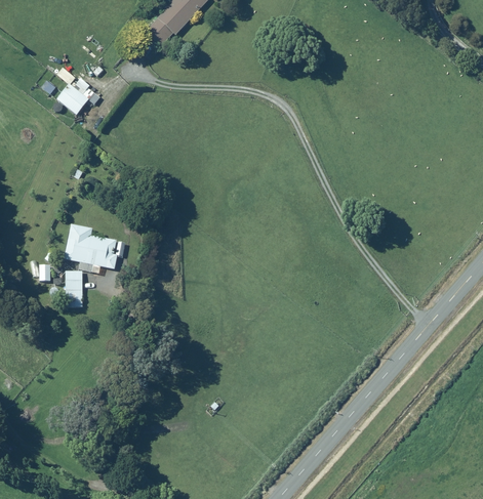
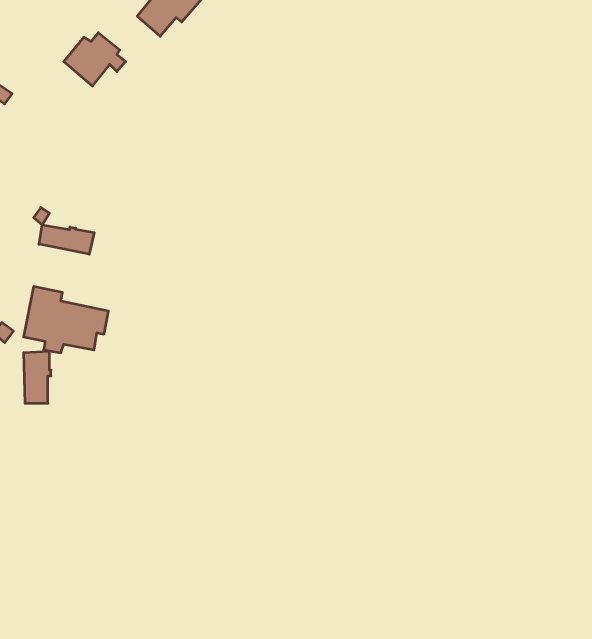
building: [56,77,100,115] -> [64,33,126,86]
building: none -> [39,225,94,254]

